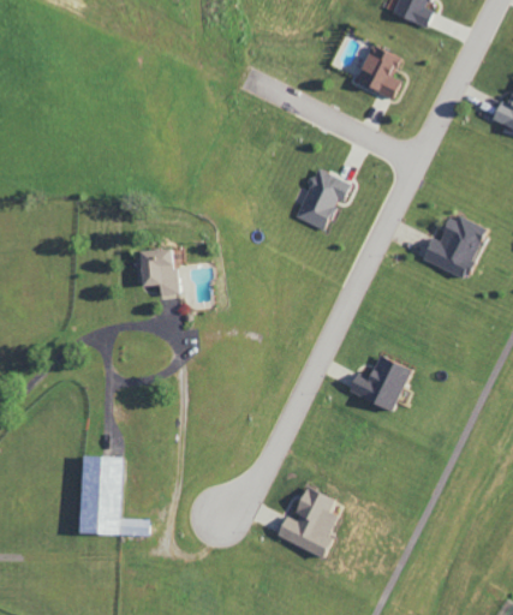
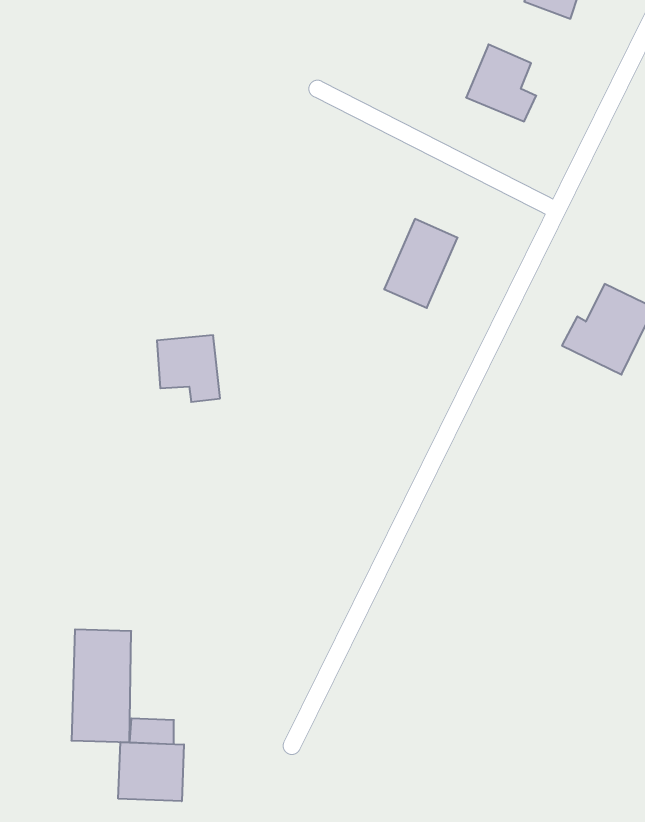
building: [347,357,410,411] -> none
building: [276,486,336,557] -> none
building: none -> [118,742,184,801]

